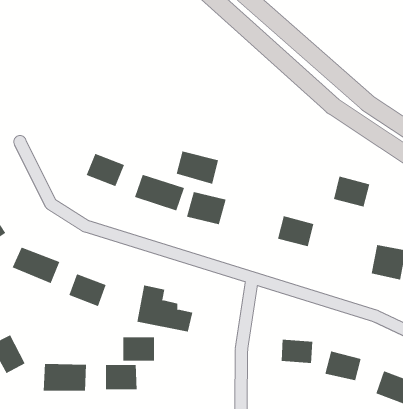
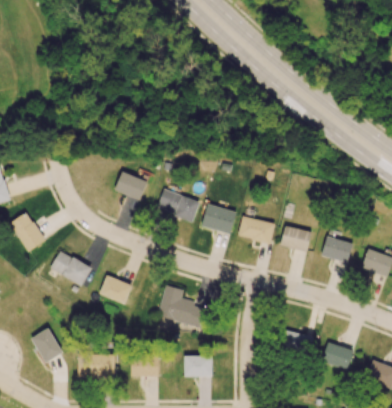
building: [176,151,219,184] -> [238,215,275,244]
building: [333,176,370,207] -> [321,236,353,263]
building: [122,337,155,361] -> [184,355,212,376]

